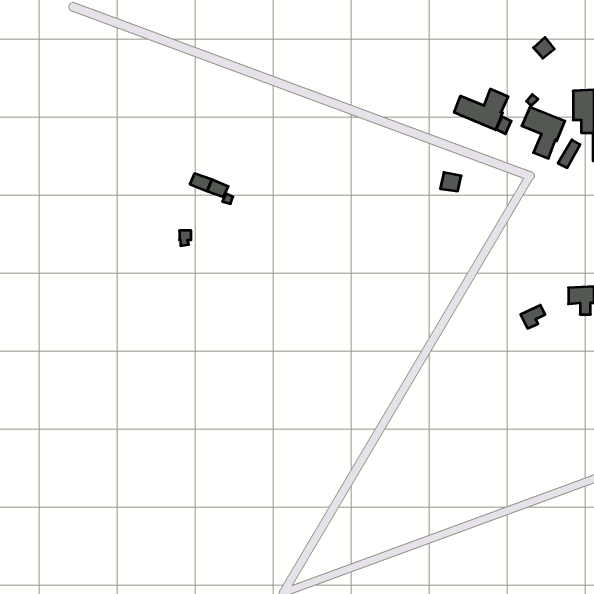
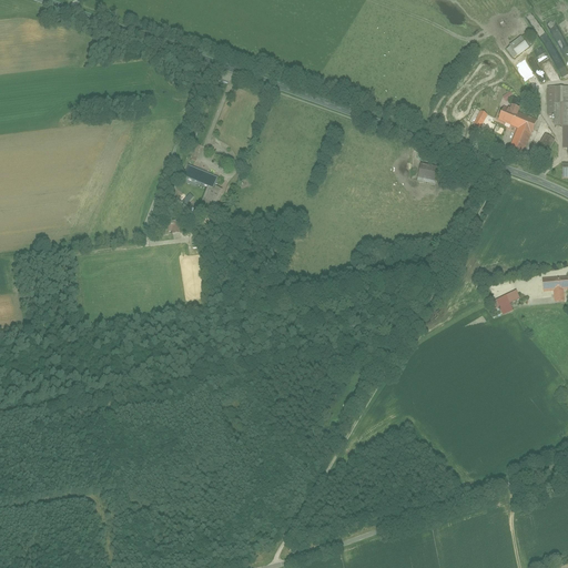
building: [454,89,508,130] -> none

